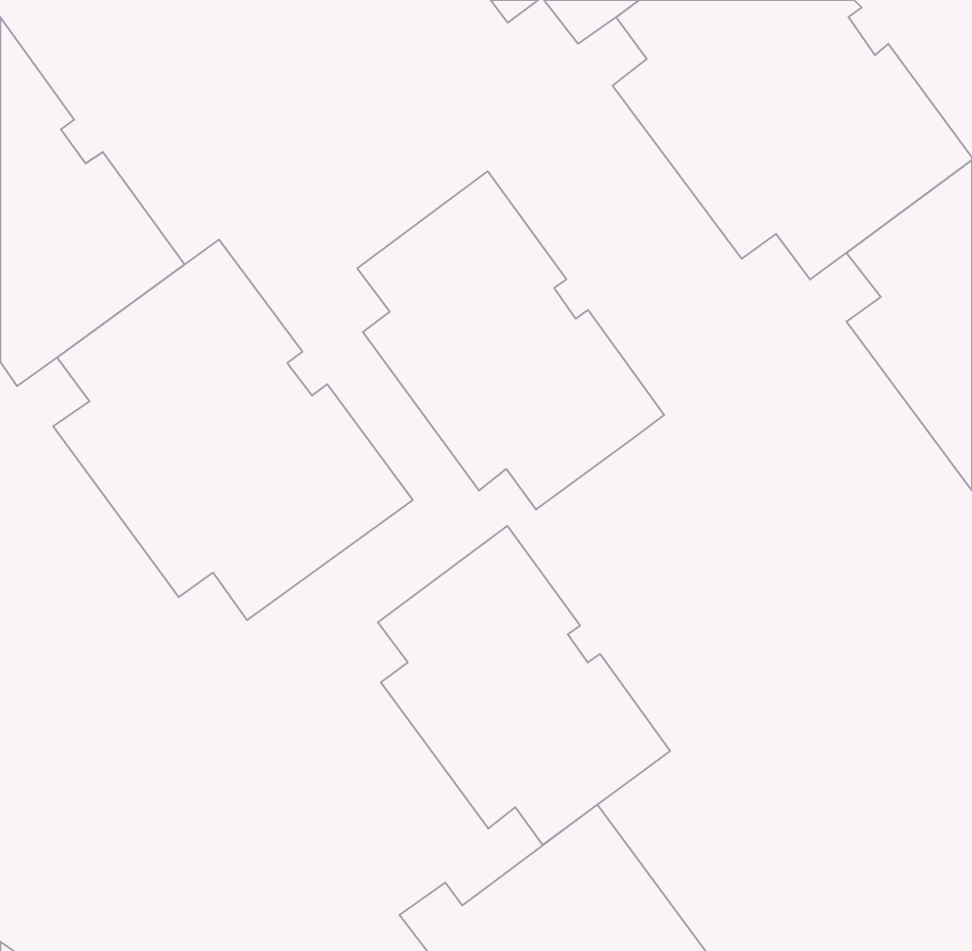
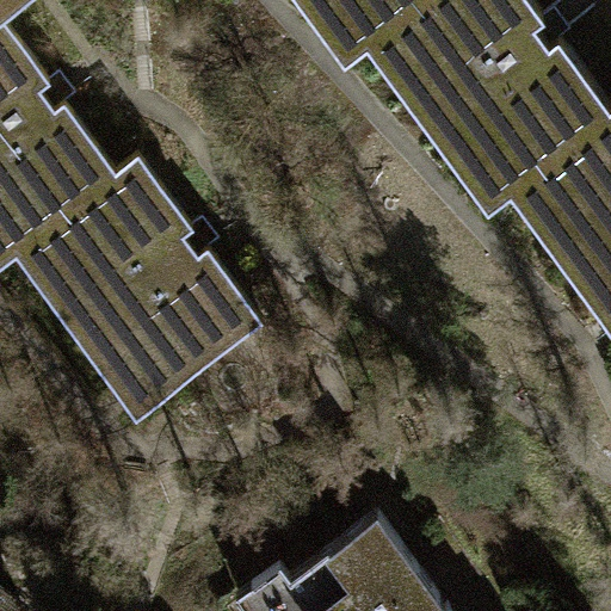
building: [357,171,664,510] -> none
building: [378,526,670,845] -> none

